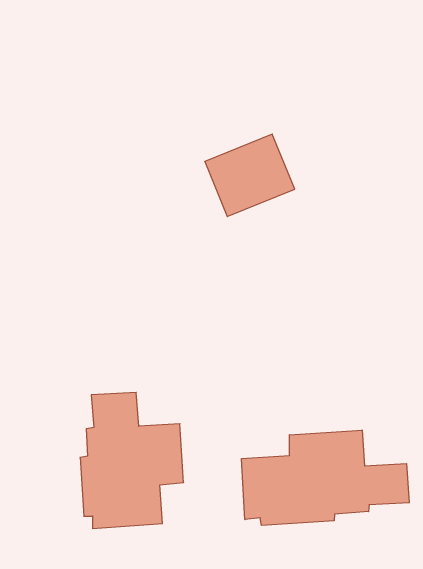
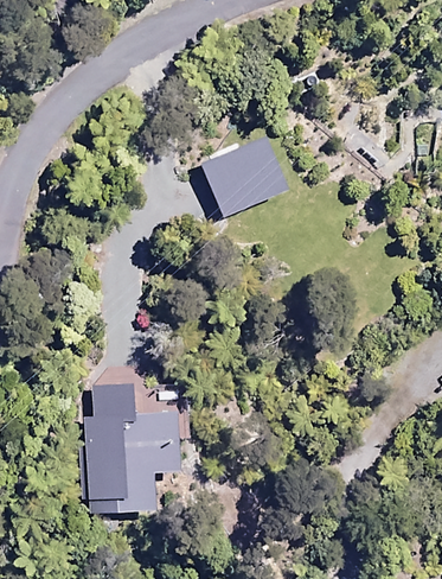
building: [242,430,409,525] -> none

